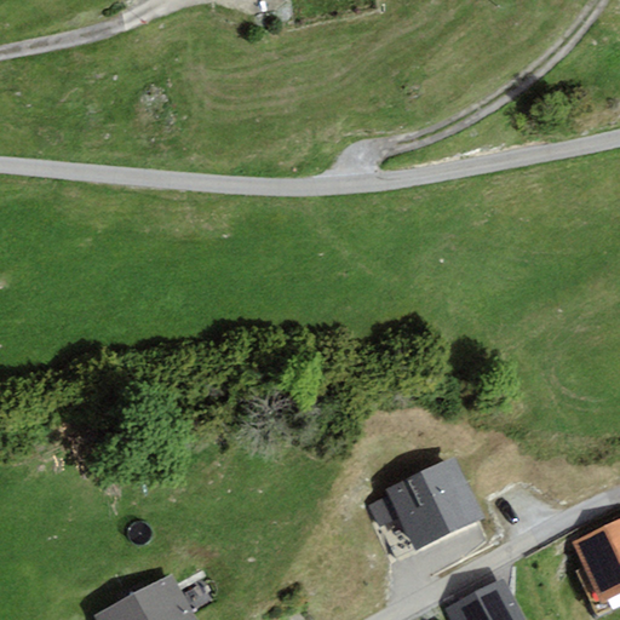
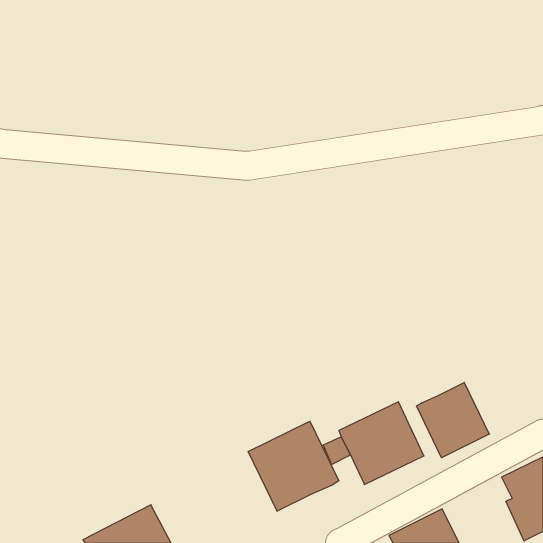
building: none -> [417,382,489,458]
building: none -> [248,421,339,511]

